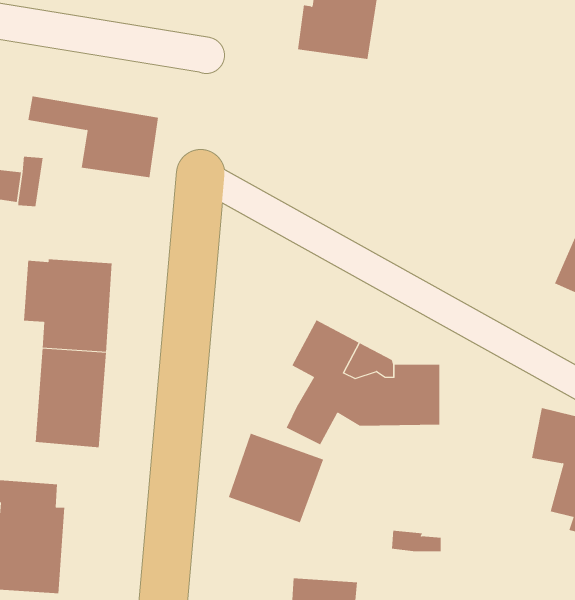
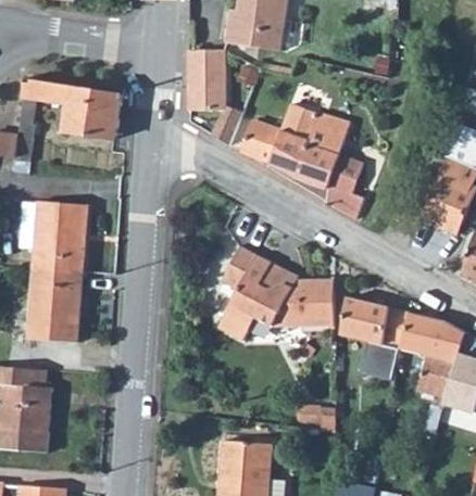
building: none -> [187,50,241,145]
building: none -> [239,104,363,219]
building: none -> [339,297,409,380]
building: [228,433,324,523] -> none

